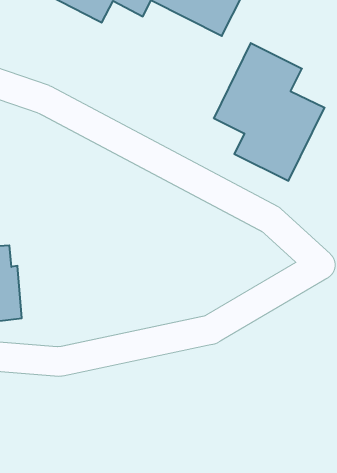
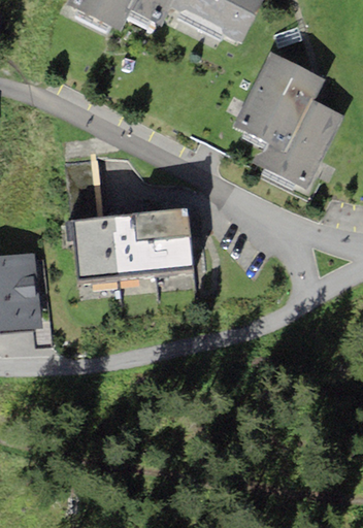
building: none -> [70,205,194,282]

